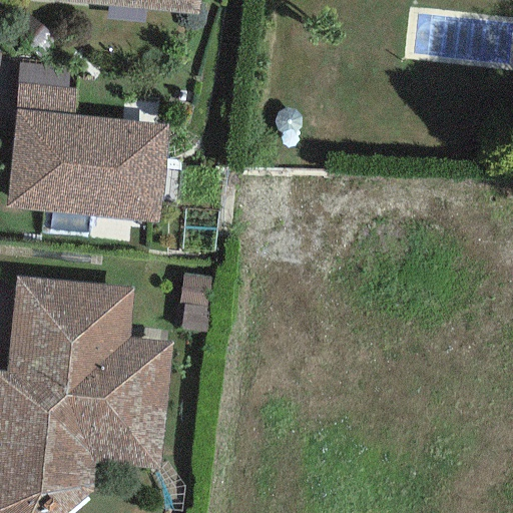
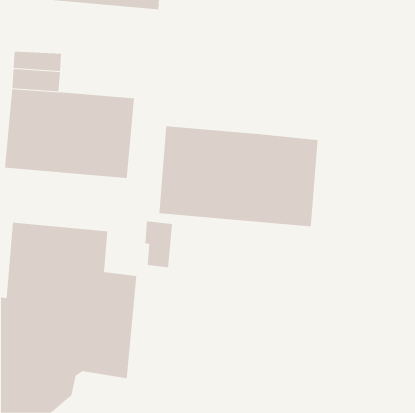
building: none -> [159,125,318,227]

